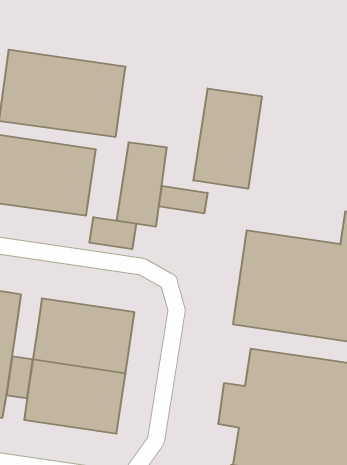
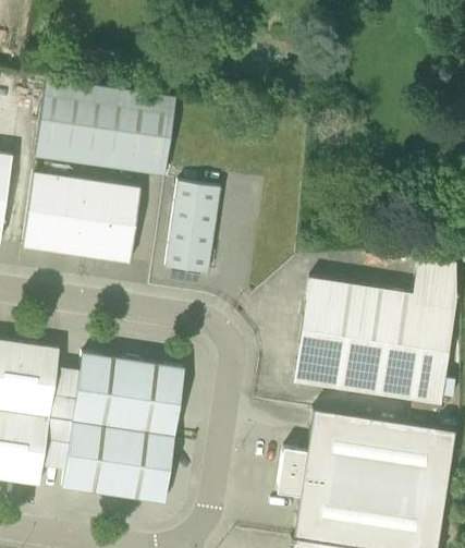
building: [193,88,262,189] -> none
building: [159,186,208,213] -> none
building: [89,217,136,249] -> none
building: none -> [49,373,78,421]

